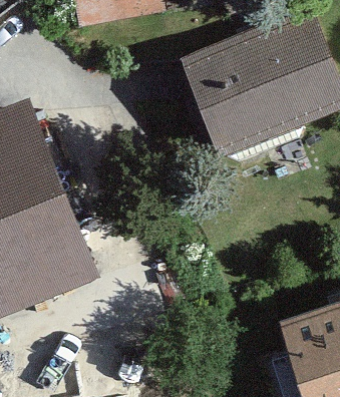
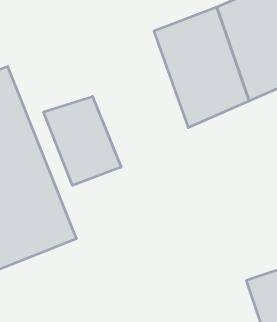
building: none -> [44,96,121,185]

